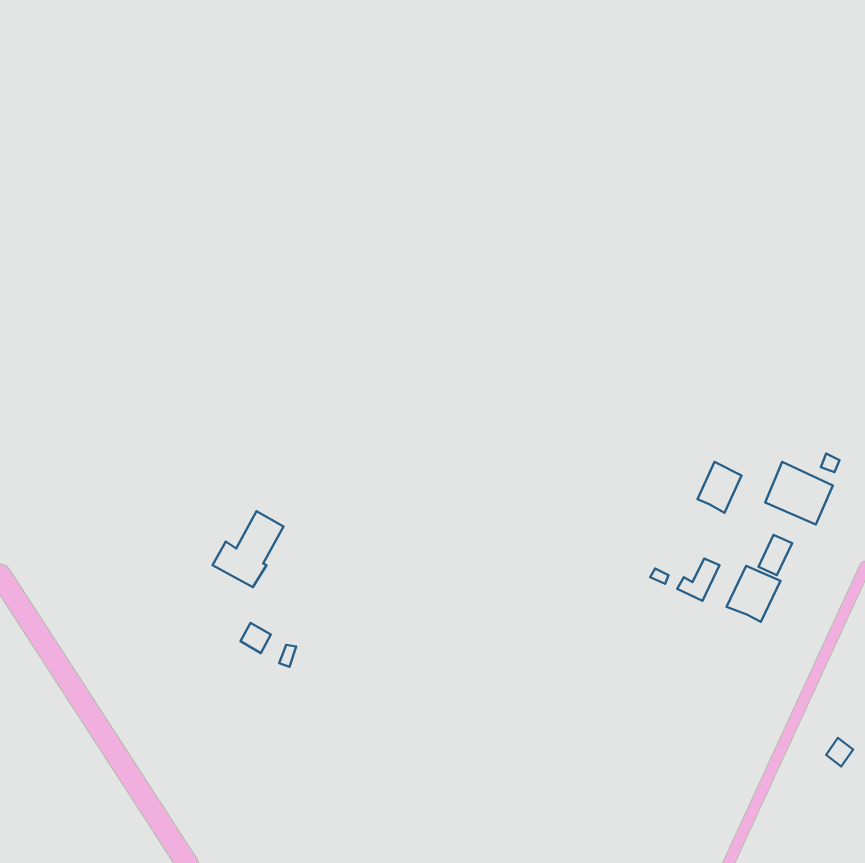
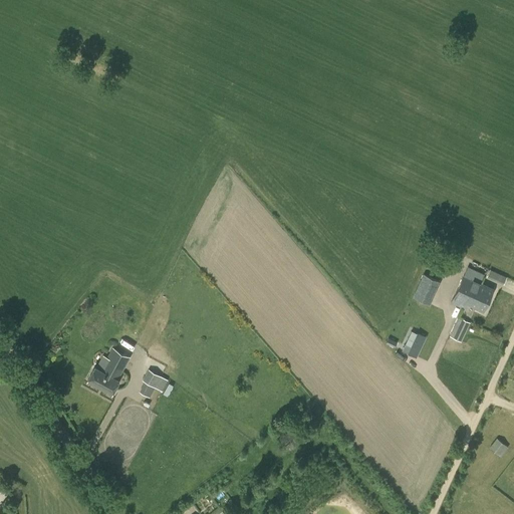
building: [212,511,283,587] -> [87,349,130,395]
building: [727,566,780,622] -> none

